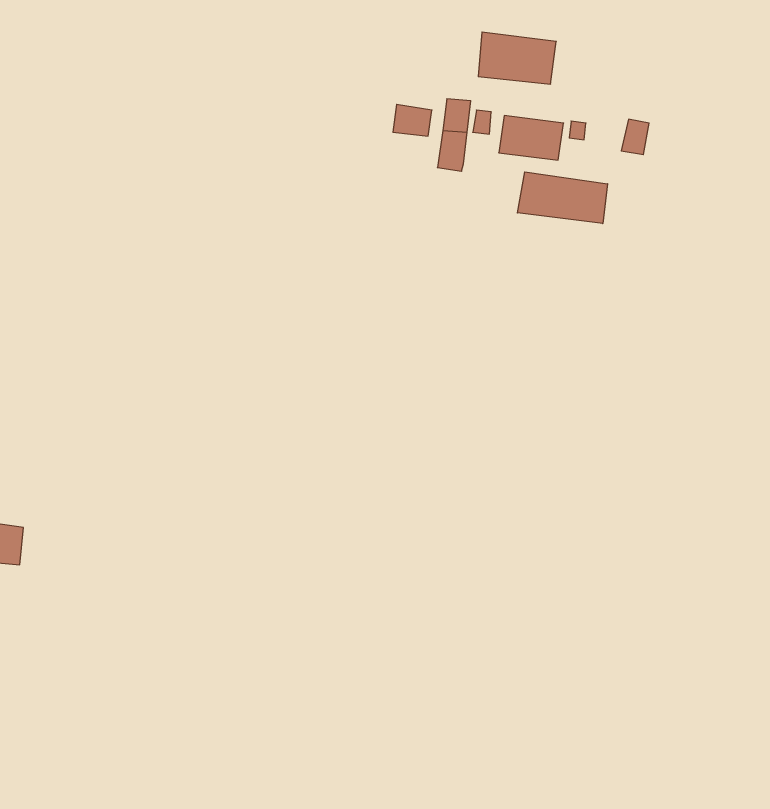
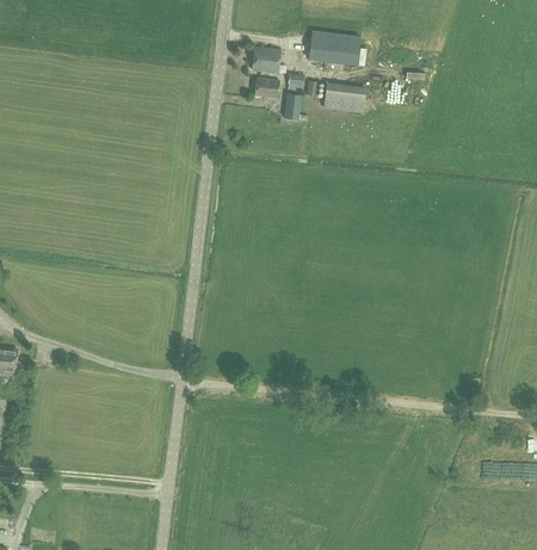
building: none -> [252,48,280,74]
building: [517,172,608,224] -> none

